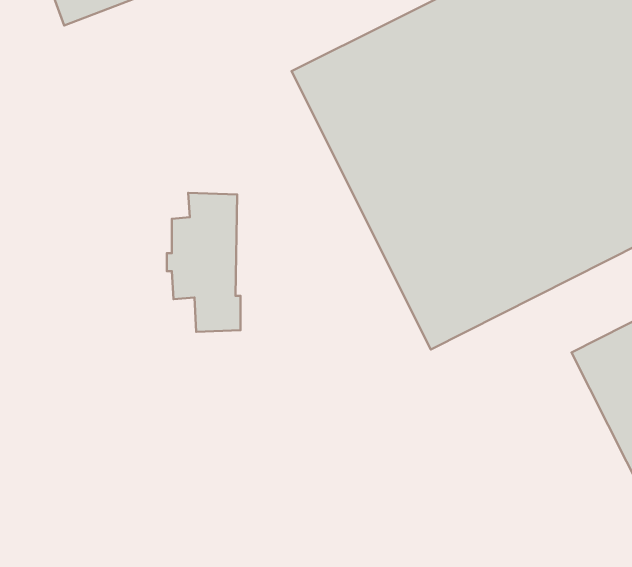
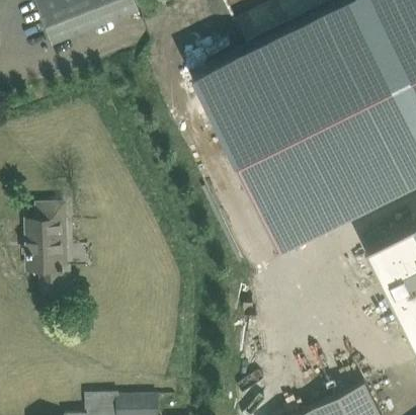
building: [167,193,240,332] -> [24,208,70,294]

